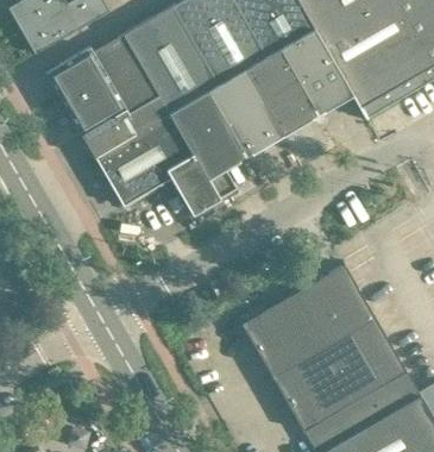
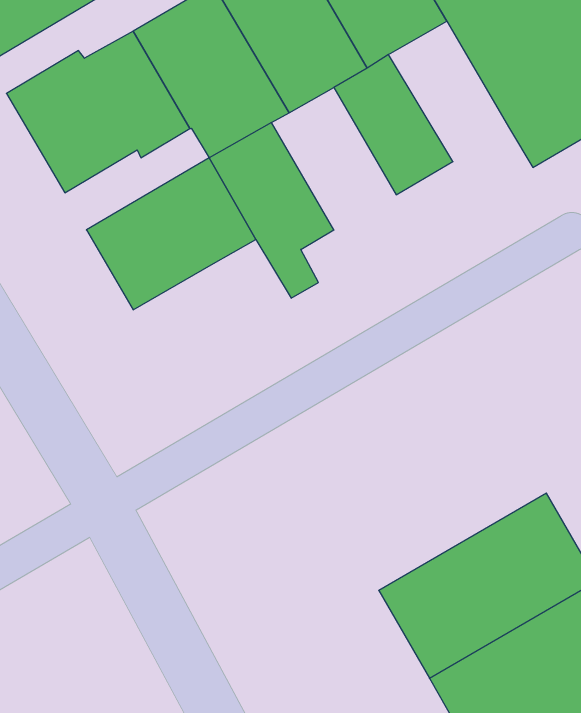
building: [279,29,353,114] -> none
building: [208,69,284,156] -> none
building: [82,94,170,156] -> none
building: [171,162,220,214] -> none
building: [243,263,376,376] -> none

